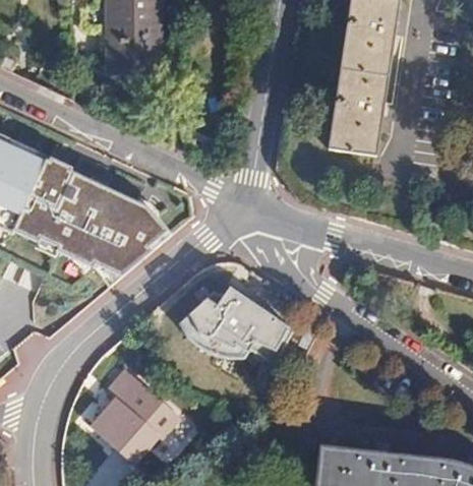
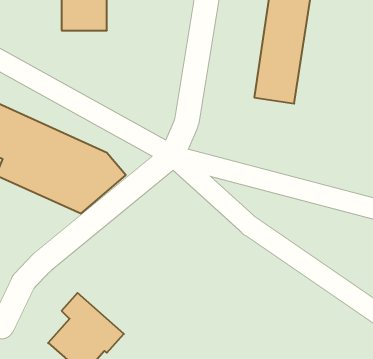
building: [189,279,304,356] -> none

